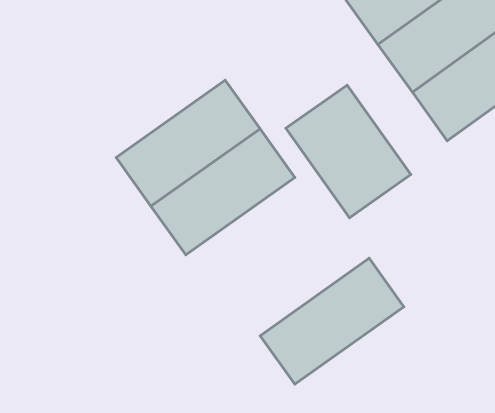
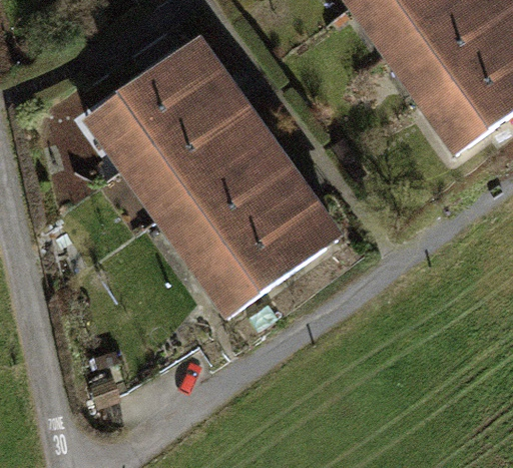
building: none -> [86,41,231,168]
building: [286,85,411,218] -> none
building: [260,258,404,384] -> [191,188,337,316]

